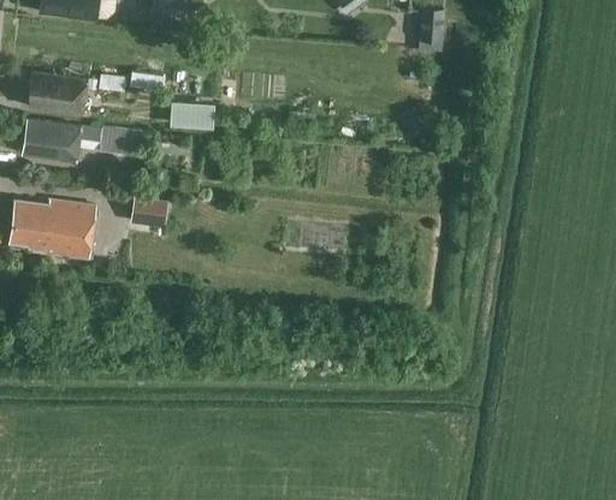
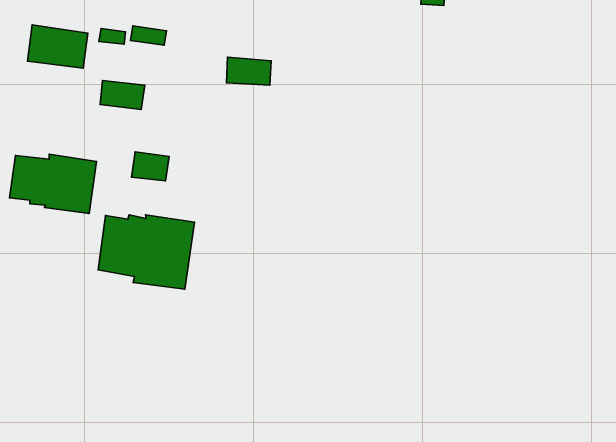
building: [170,101,214,129] -> [226,57,271,85]
building: [22,119,82,161] -> none
building: none -> [98,215,194,289]

